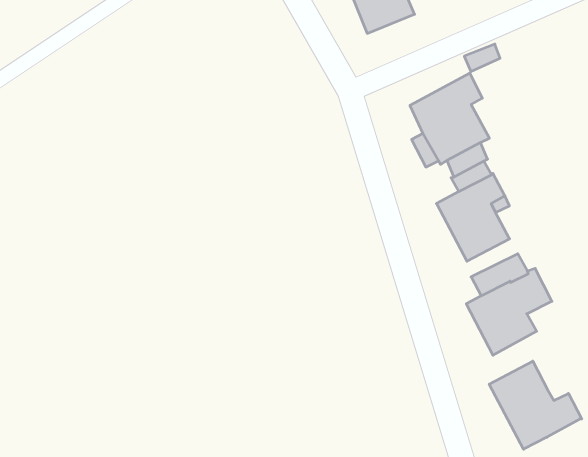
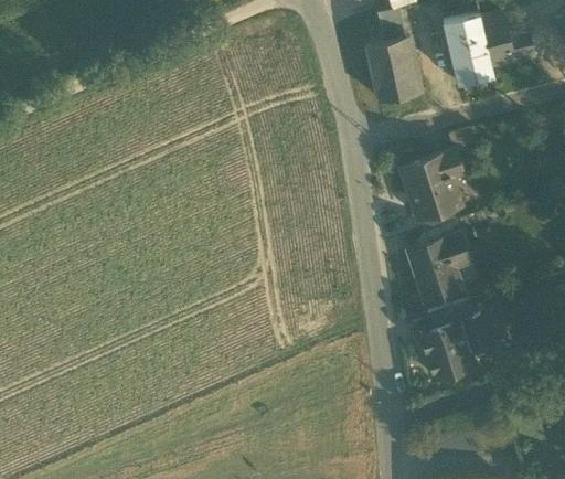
building: [489,361,582,449] -> none

